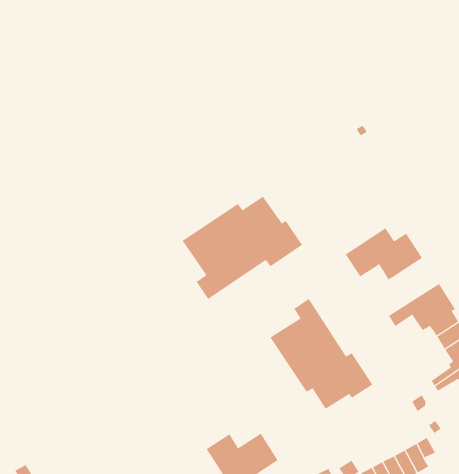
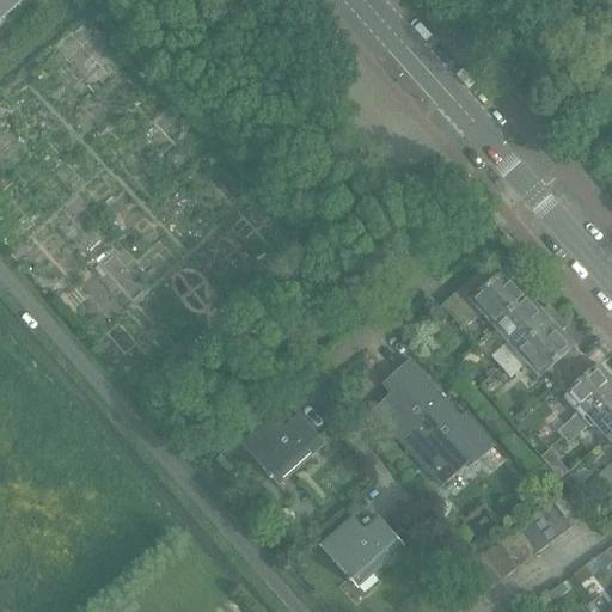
building: [182,196,303,300] -> none
building: none -> [491,293,551,363]
building: none -> [241,412,324,482]

